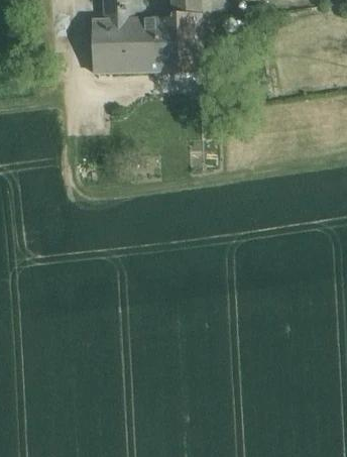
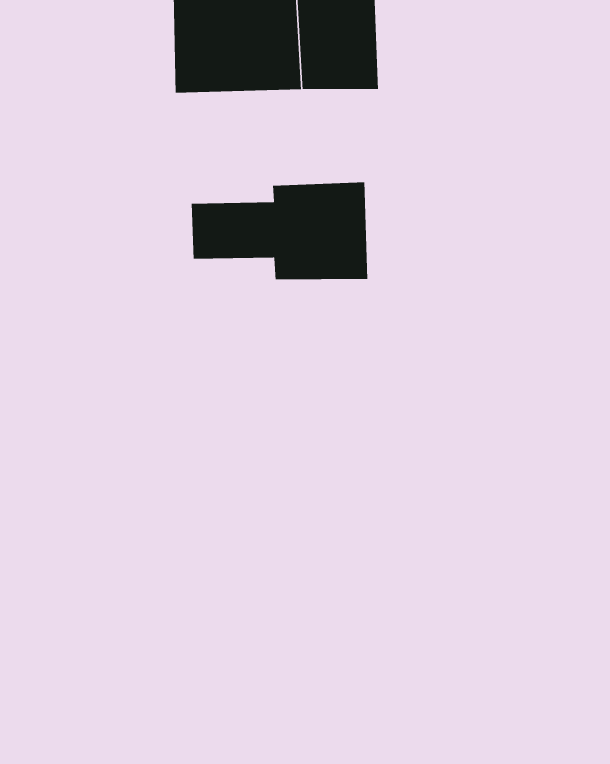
building: none -> [191,182,368,280]

